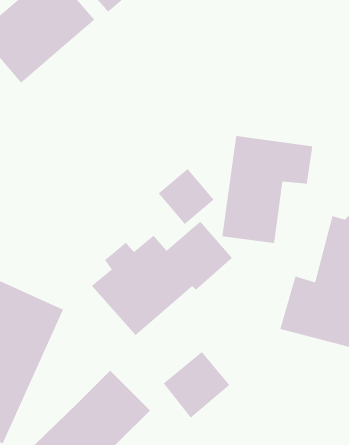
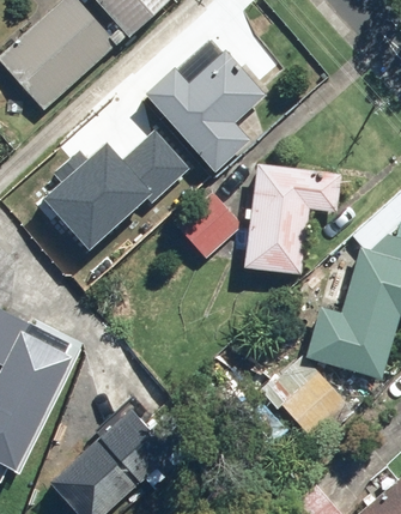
building: none -> [145,49,268,174]
building: [91,221,233,336] -> [41,135,187,254]
building: [163,351,230,418] -> [279,371,348,441]

